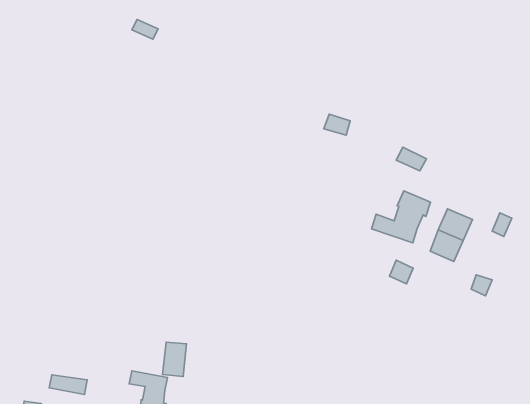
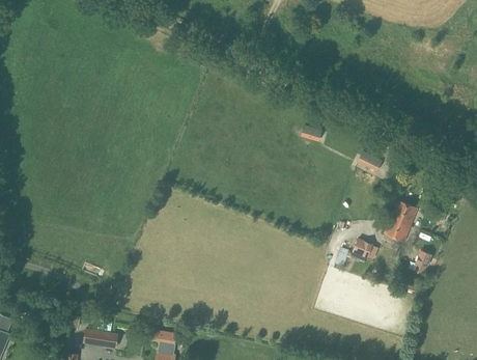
building: [371,191,430,243] -> none
building: [163,342,187,377] -> none

